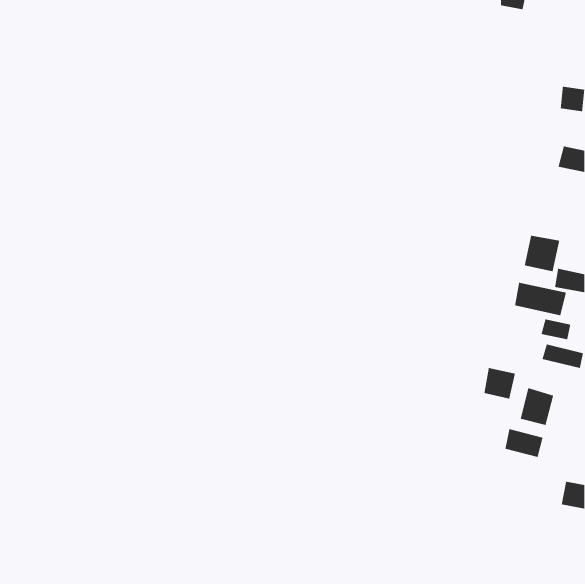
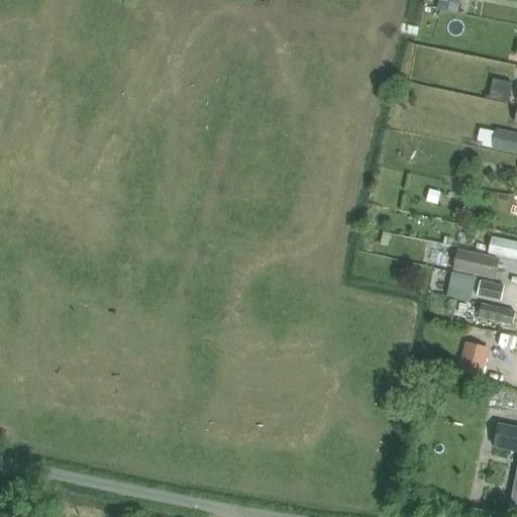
building: [524,235,560,272] -> none
building: [484,367,516,399] -> [447,272,476,300]
building: [505,428,543,458] -> none

